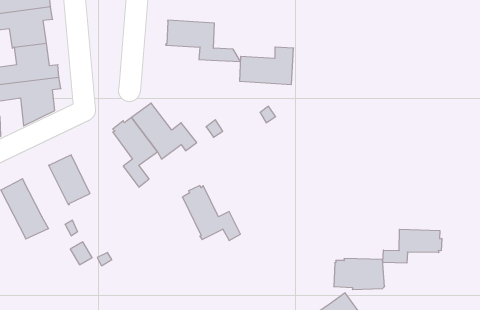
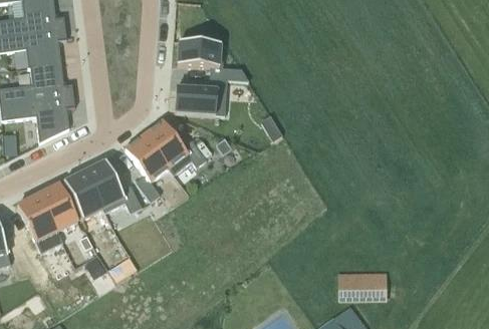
building: [240,47,294,84] -> [175,79,227,115]
building: none -> [38,185,78,232]
building: [182,186,240,241] -> [85,160,142,214]
building: [383,229,442,263] -> none

